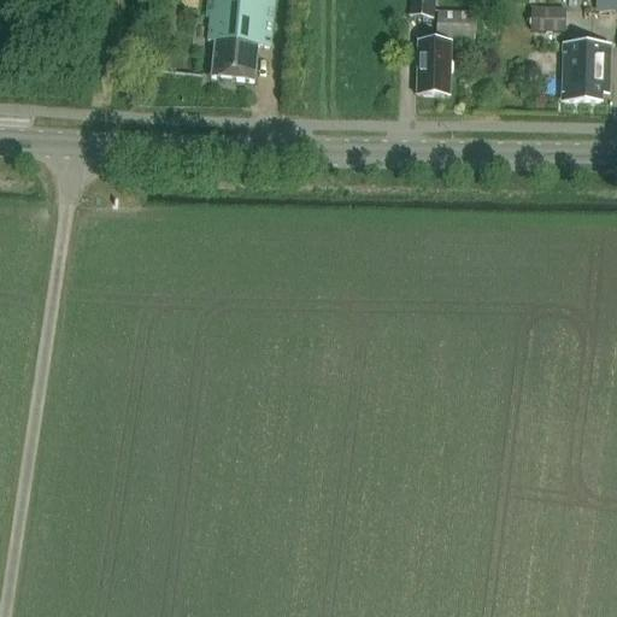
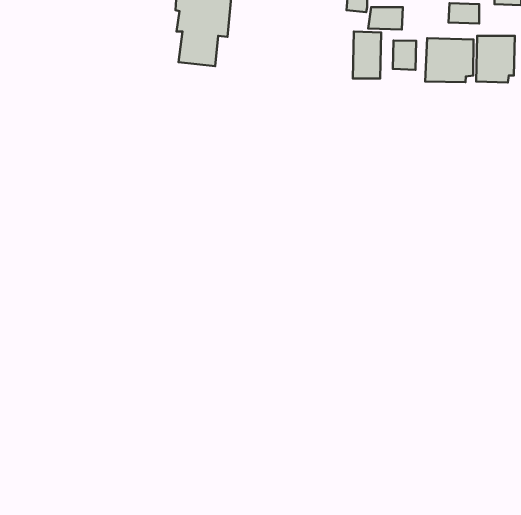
building: none -> [425,38,473,82]
building: none -> [393,41,416,70]

